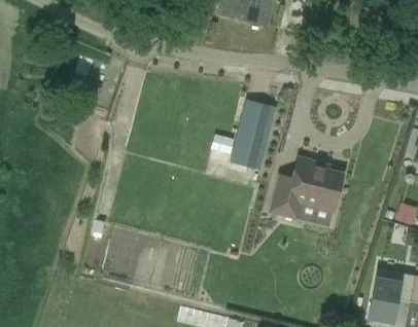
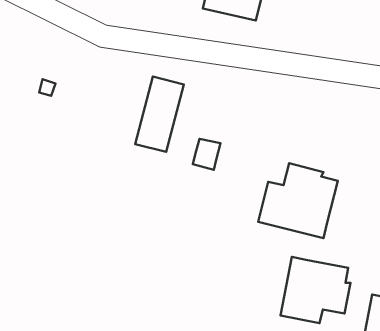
building: [231,99,276,169] -> [135,77,184,152]
building: none -> [281,257,350,323]

